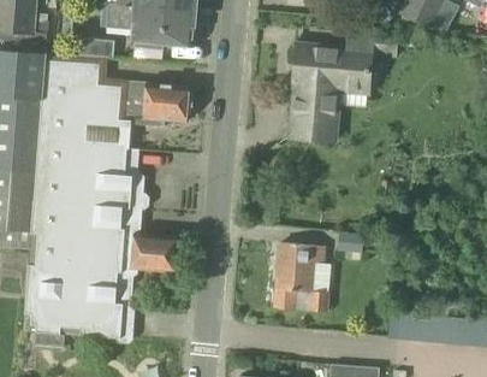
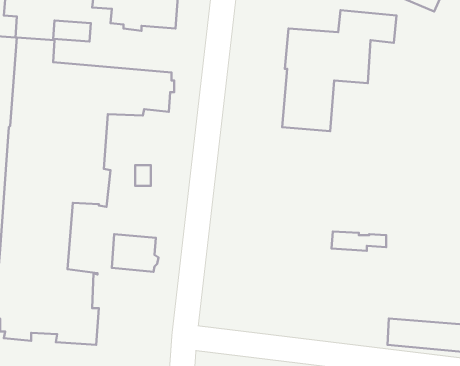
building: [93,206,124,271] -> none
building: [275,242,329,312] -> none

